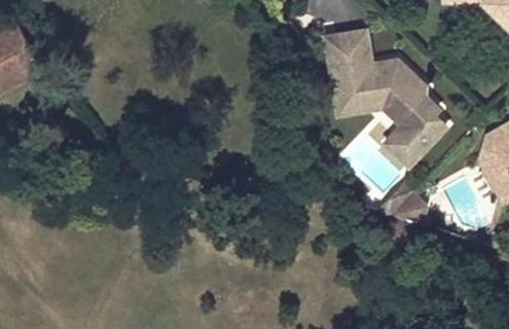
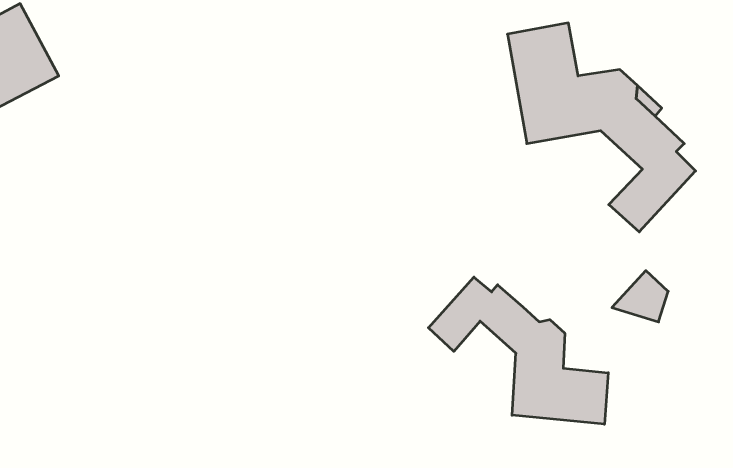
building: [339,99,413,146] -> none
building: none -> [428,277,608,424]

